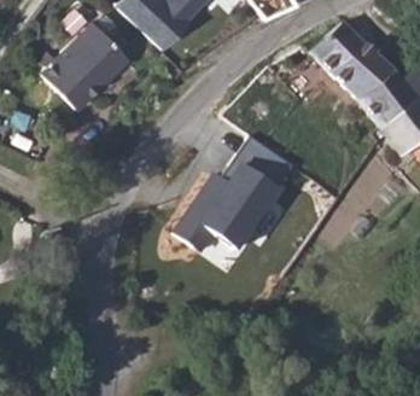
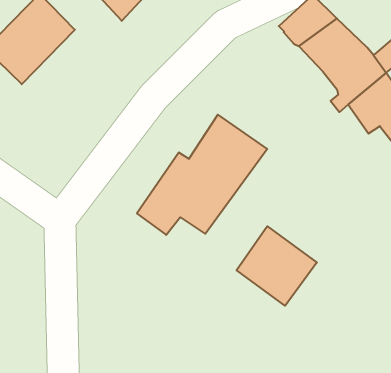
building: none -> [237,226,317,306]

